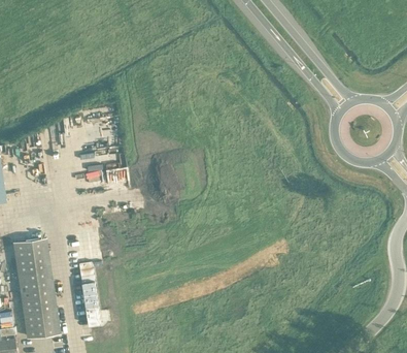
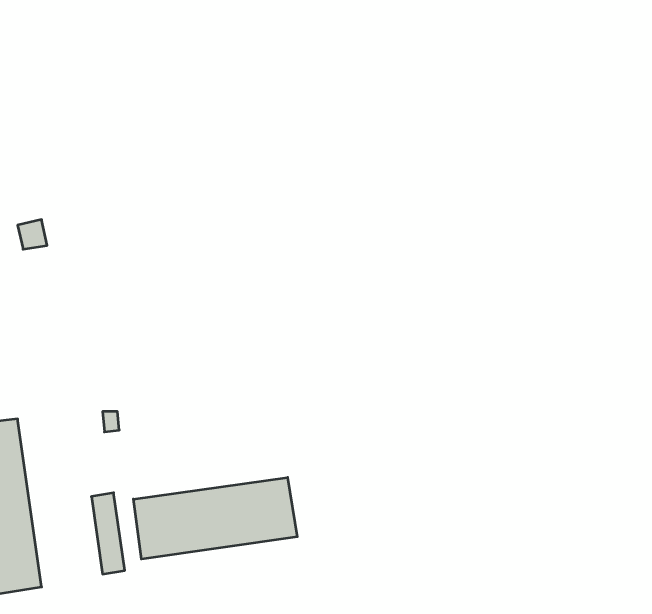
building: none -> [133,477,297,559]

